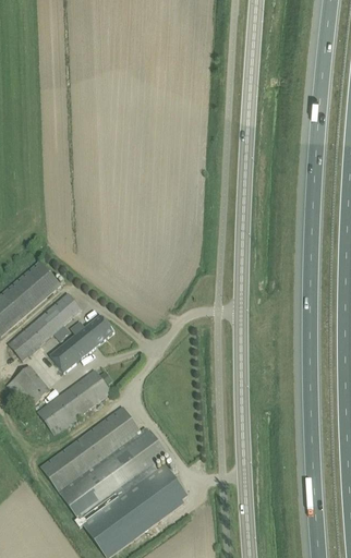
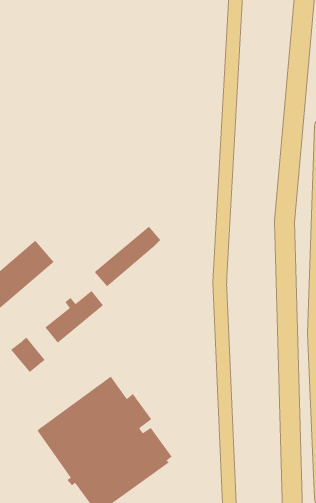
building: [8,293,81,360] -> [94,226,161,287]
building: [39,369,110,432] -> none

